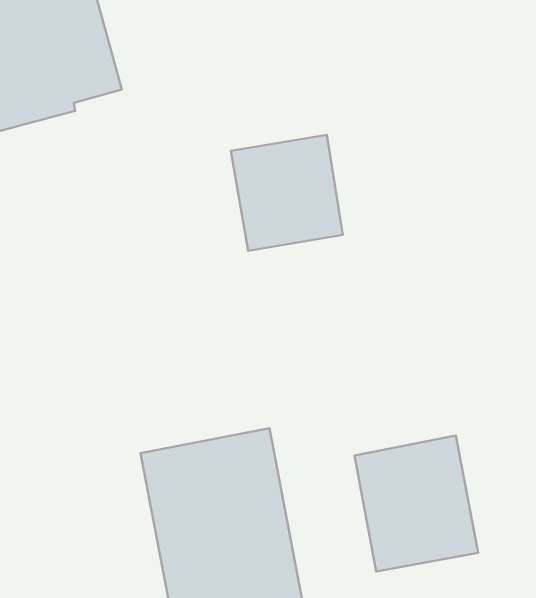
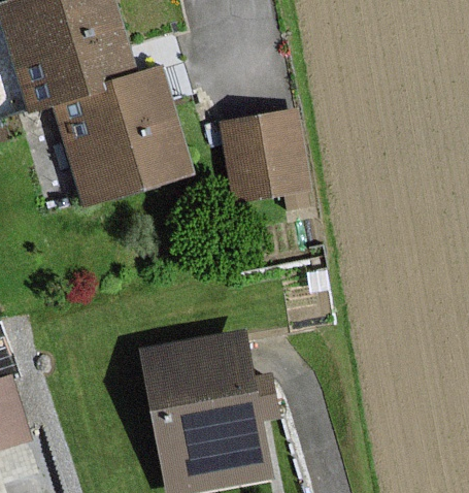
building: none -> [52,67,191,204]
building: [354,435,478,571] -> none

